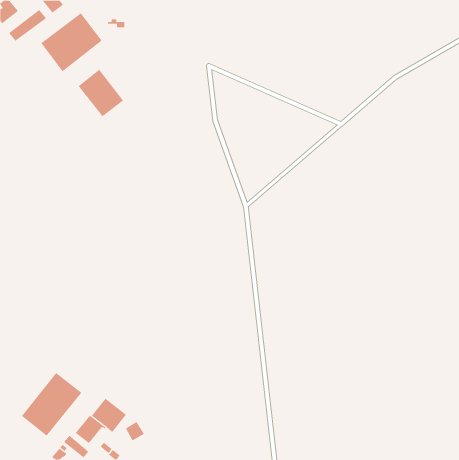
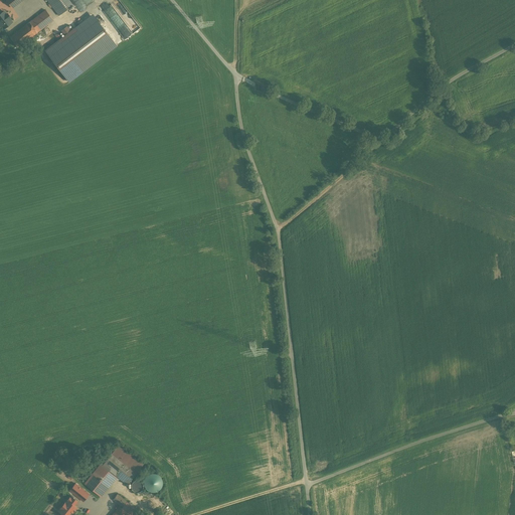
building: [78,69,124,117] -> none
building: [21,372,82,436] -> none

